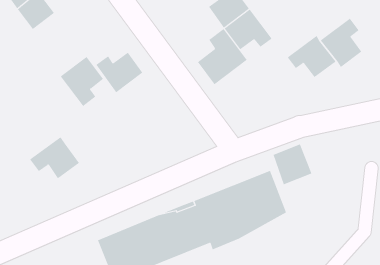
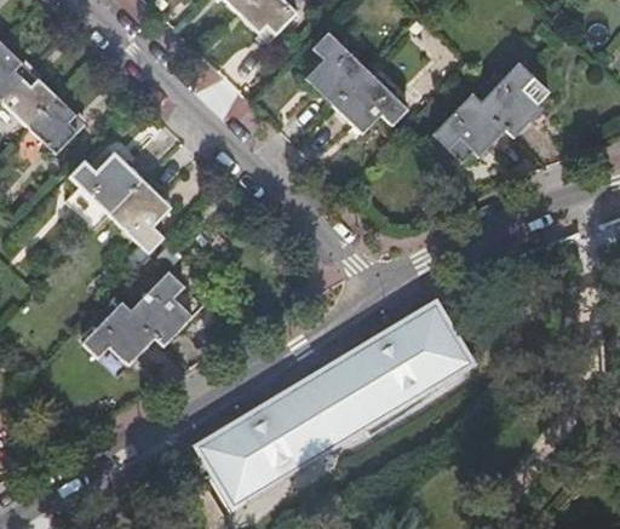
building: [197,28,248,85] -> none
building: [95,52,143,93] -> [69,151,140,214]
building: none -> [130,272,191,346]
building: [273,143,312,185] -> none

